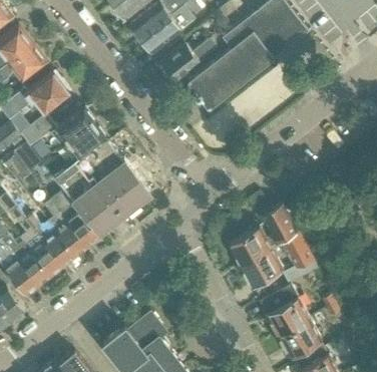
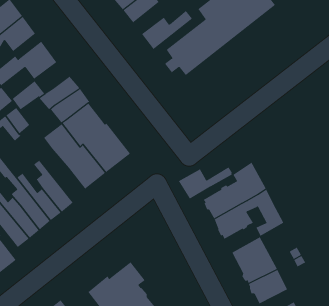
building: [50,189,102,247] -> none
building: none -> [178,166,233,199]

